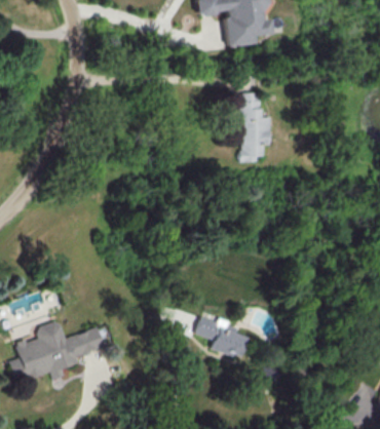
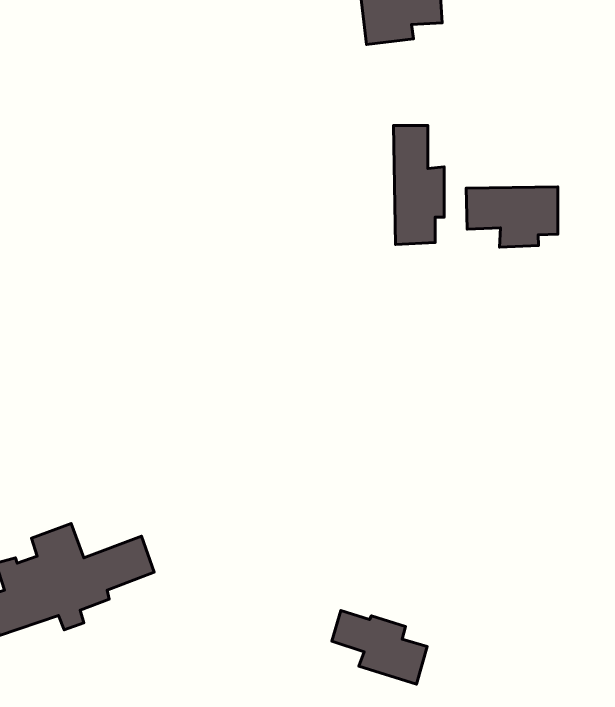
building: none -> [466,187,558,247]
building: [196,316,251,358] -> [332,610,427,684]

